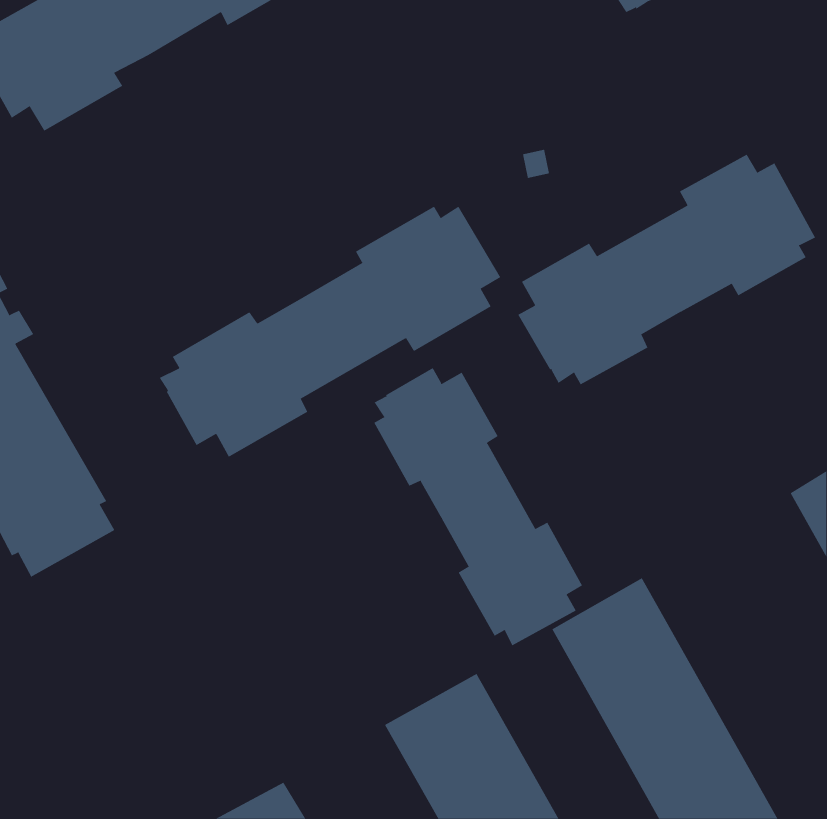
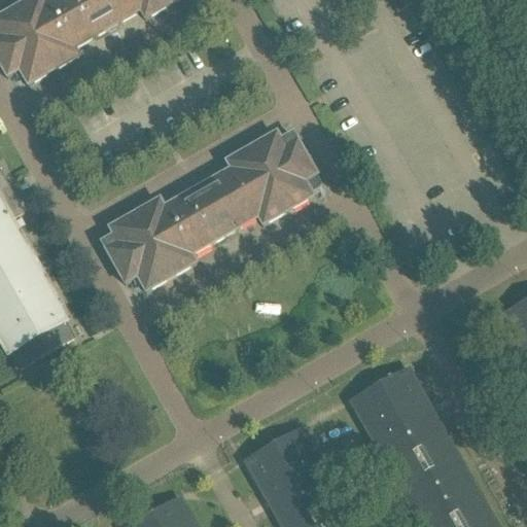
building: [518,154,816,385] -> none
building: [373,367,583,646] -> none

